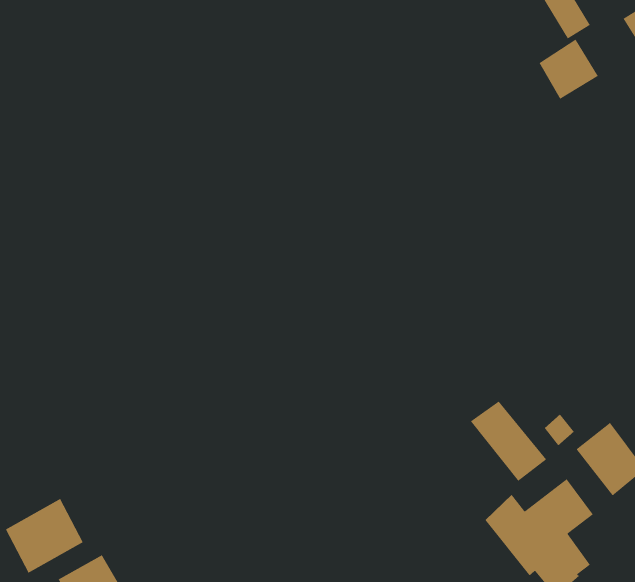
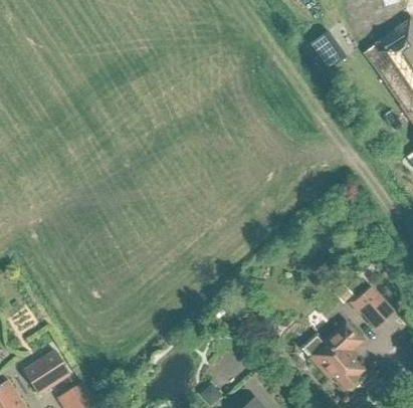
building: [538,38,599,100] -> none
building: [470,401,547,482] -> none

